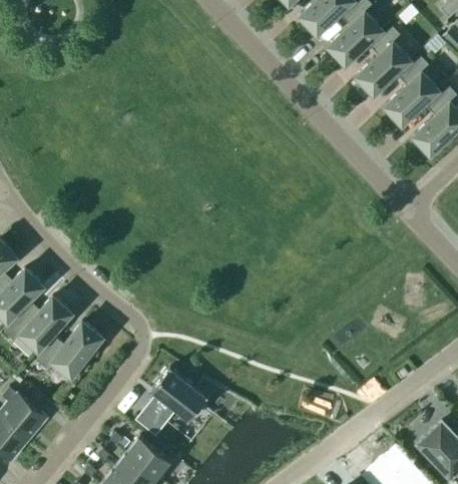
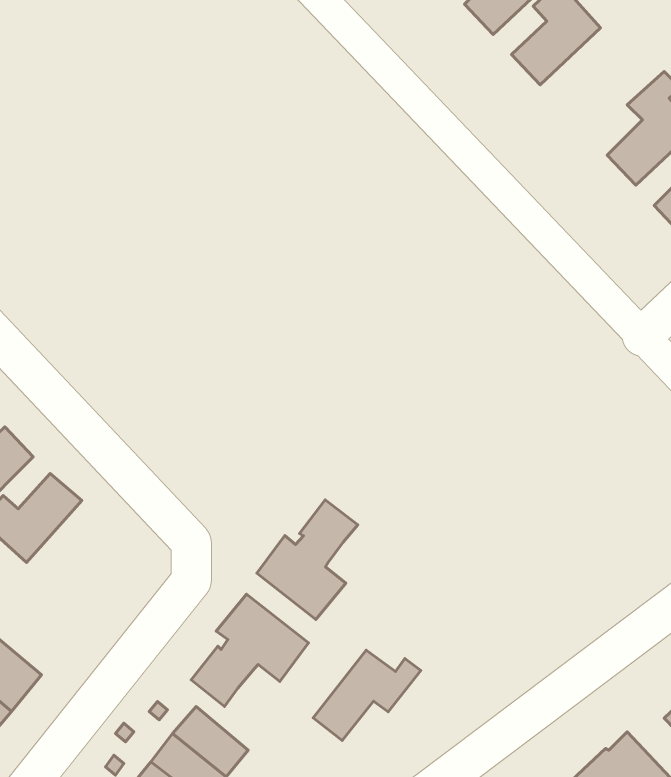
building: [356,26,410,94] -> none
building: none -> [257,500,358,619]
building: [35,322,101,376] -> none
building: none -> [313,650,421,741]

